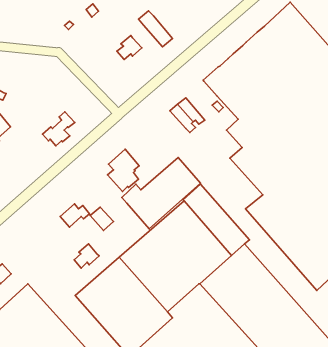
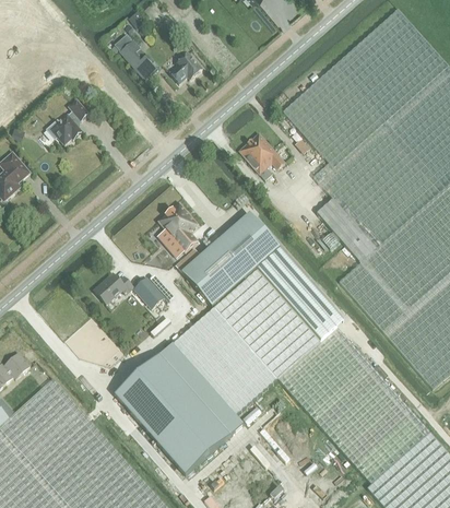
building: [138,11,172,47] -> [114,33,158,80]
building: [43,112,75,146] -> [47,99,90,144]
building: [74,244,99,268] -> none

